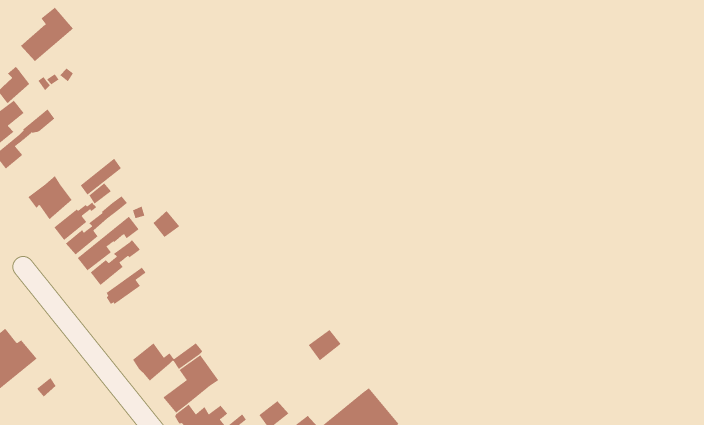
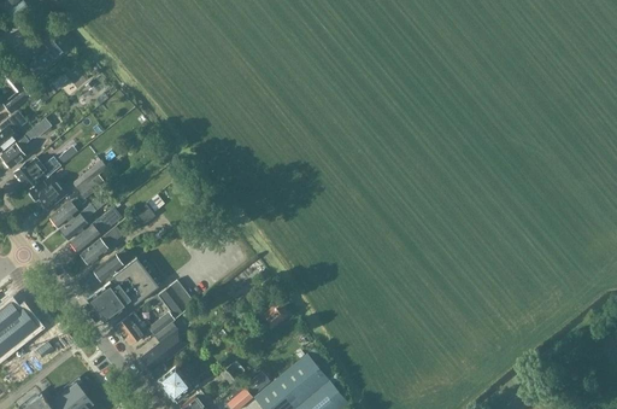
building: none -> [12,146,77,189]
building: none -> [86,258,158,322]
building: none -> [157,281,194,320]

